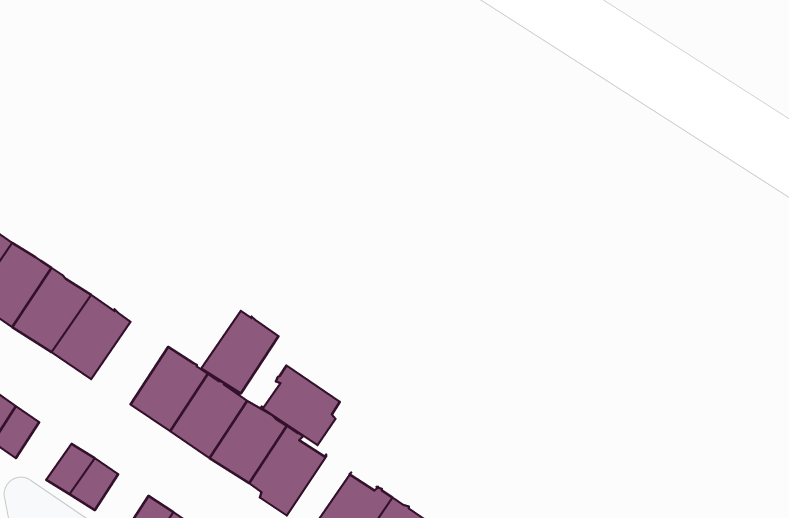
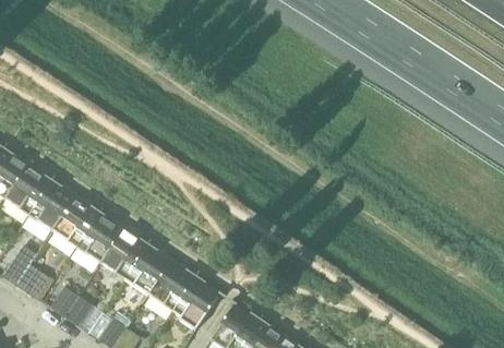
building: [201,311,278,394] -> [76,212,123,262]
building: [261,366,340,445] -> none

